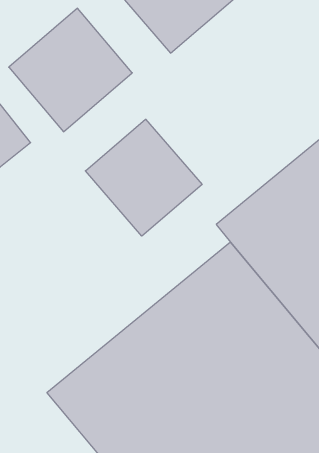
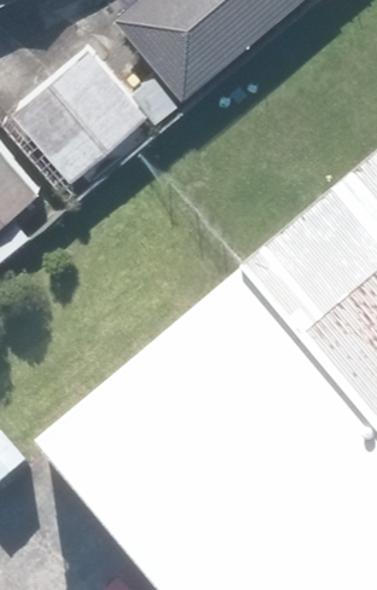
building: [85,119,202,236] -> none

